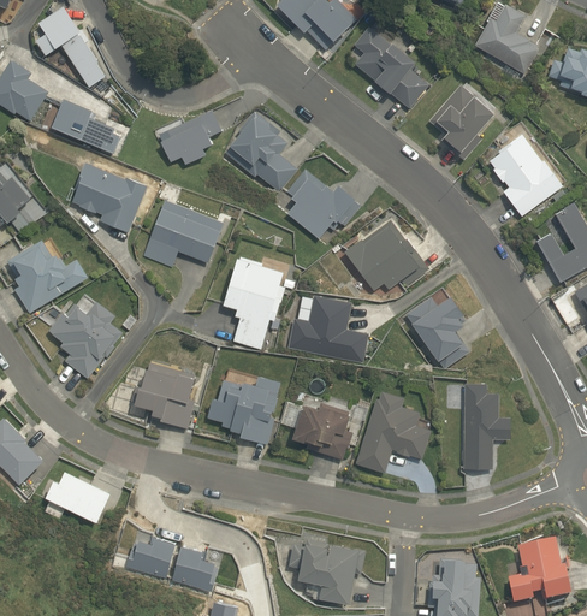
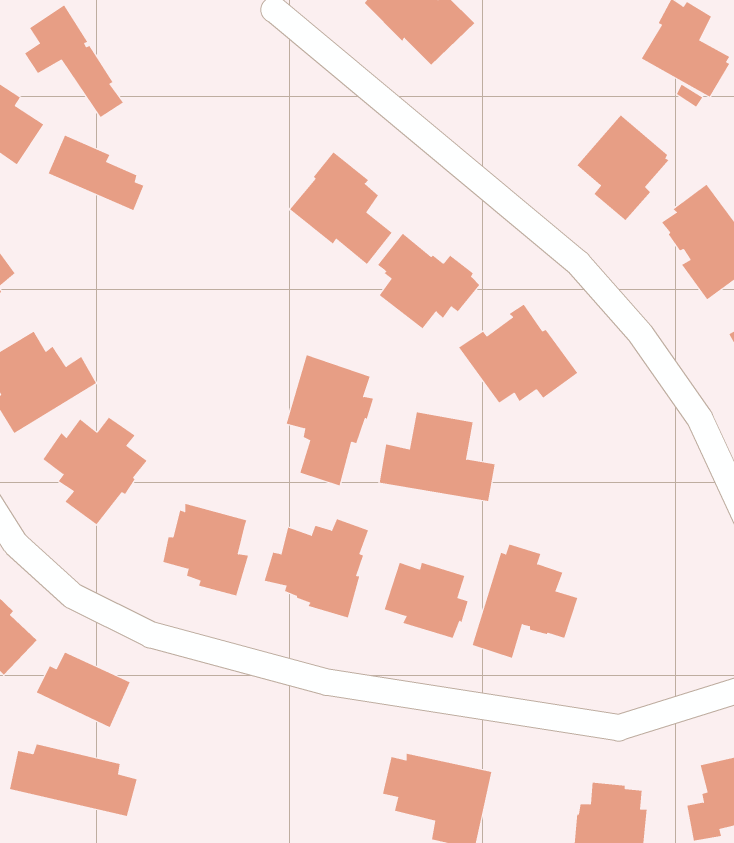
building: [354,28,428,109] -> none
building: [164,112,227,166] -> none
building: [71,161,147,232] -> none
building: [143,201,224,268] -> none
building: [405,296,469,369] -> none
building: [462,383,510,469] -> none
building: [129,539,220,591] -> [9,744,138,816]

